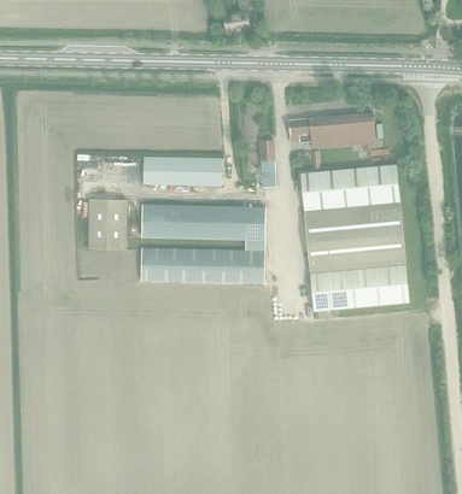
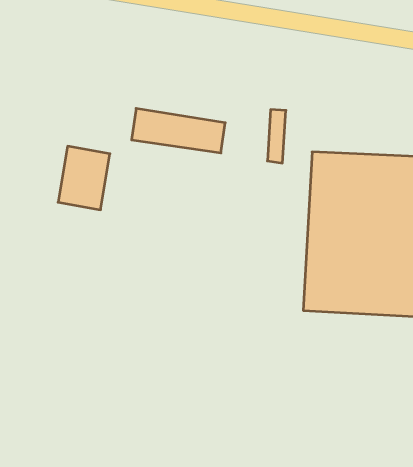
building: [288,111,375,148] -> none
building: [141,205,265,282] -> none

